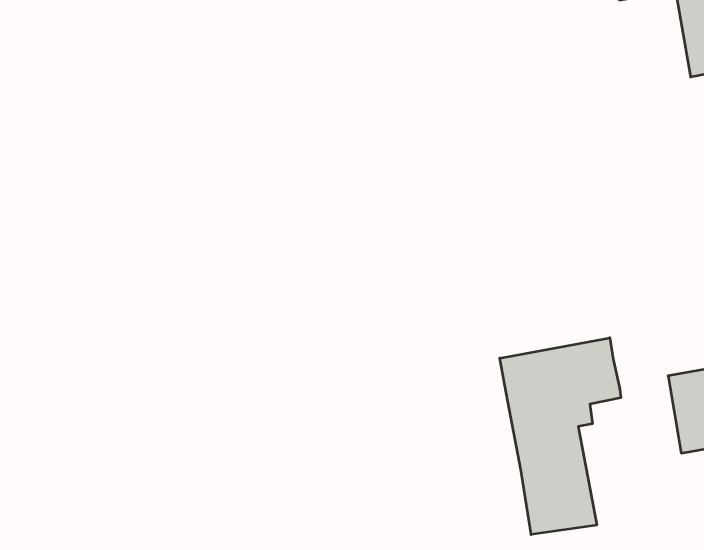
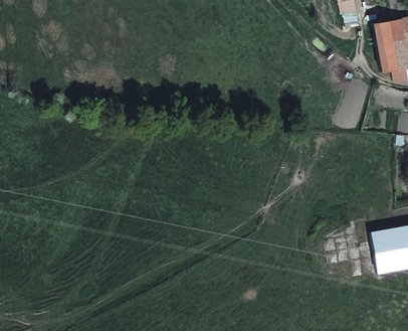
building: [500,338,621,535] -> none

